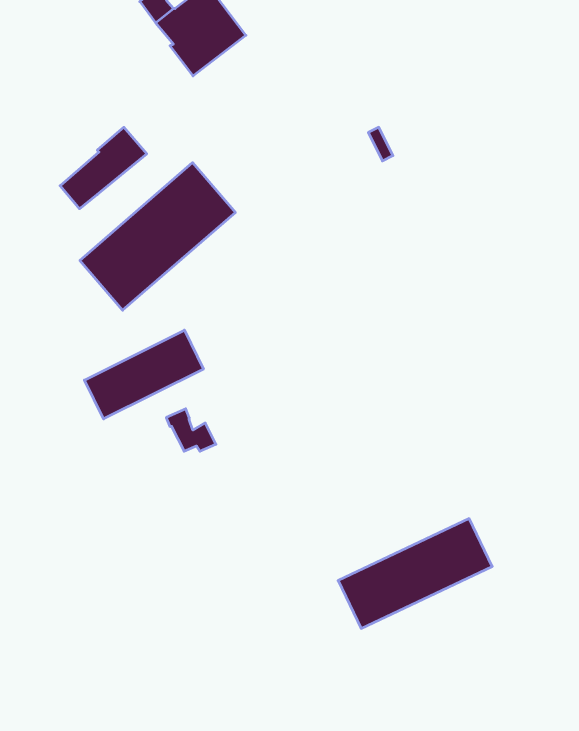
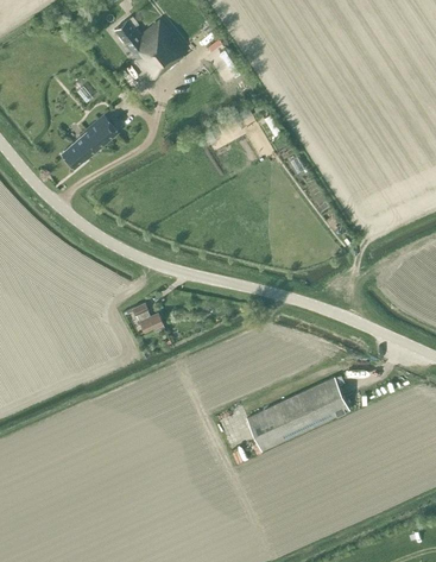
building: [80,163,235,310] -> none
building: [84,330,203,419] -> none

